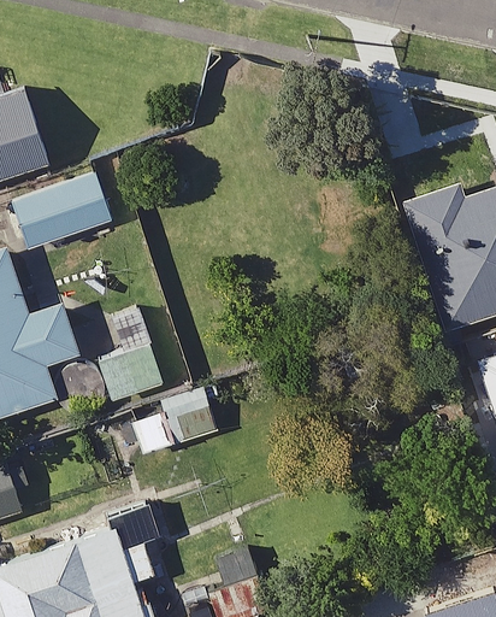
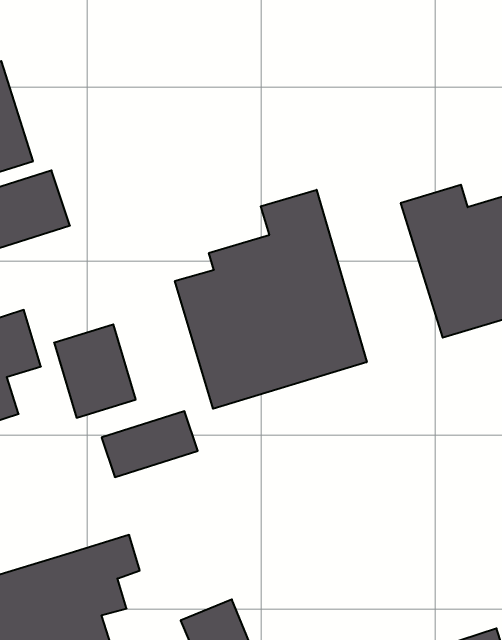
building: none -> [175,190,367,409]

